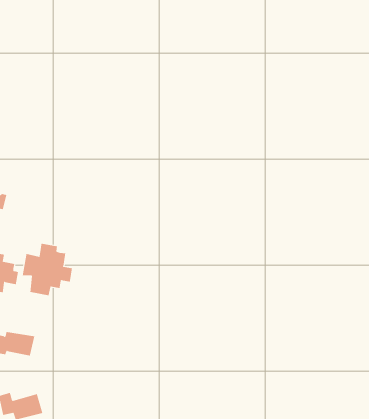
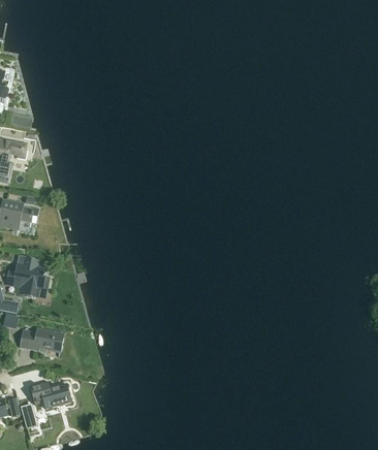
building: [22,243,73,296] -> none

